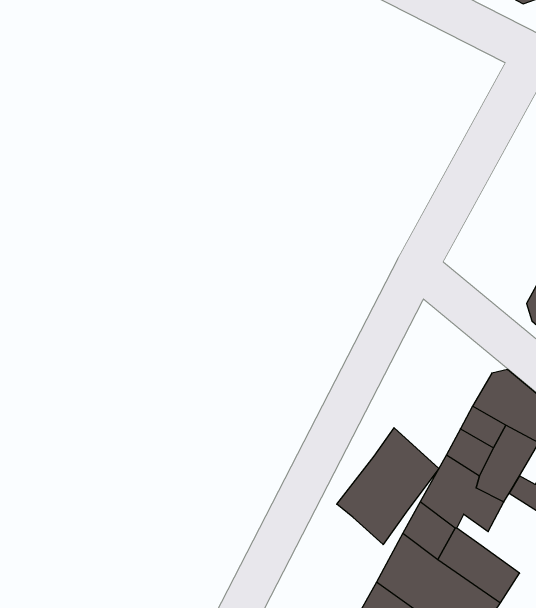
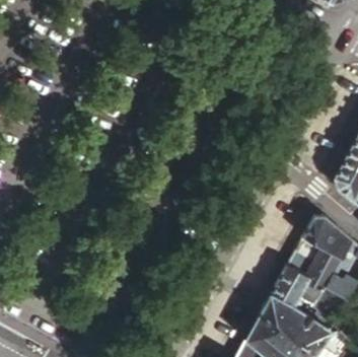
building: [337,428,439,545] -> none

